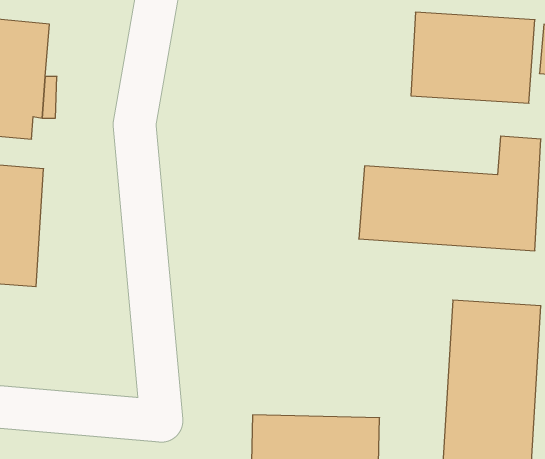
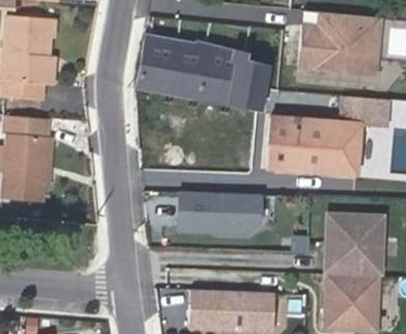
building: none -> [135,35,266,108]
building: none -> [178,192,266,235]

